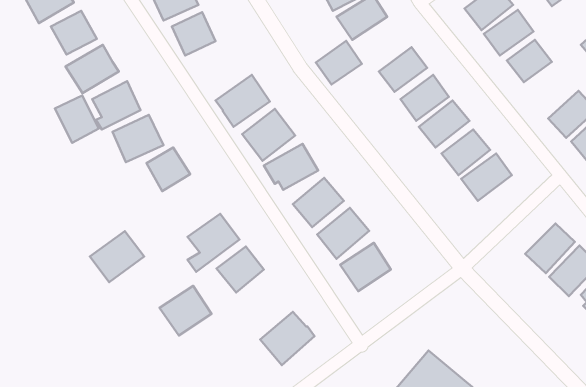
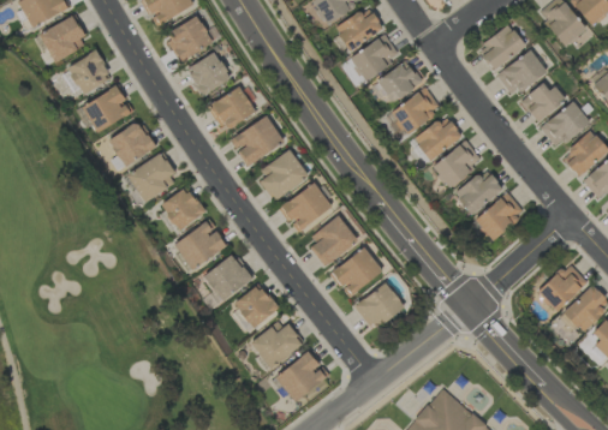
building: [316,41,362,84] -> [376,60,422,103]
building: none -> [207,86,255,131]
building: none -> [540,102,589,148]
building: [55,96,99,143] -> none
building: [90,231,144,282] -> [173,220,227,270]
building: [159,286,211,336] -> [250,319,302,369]

